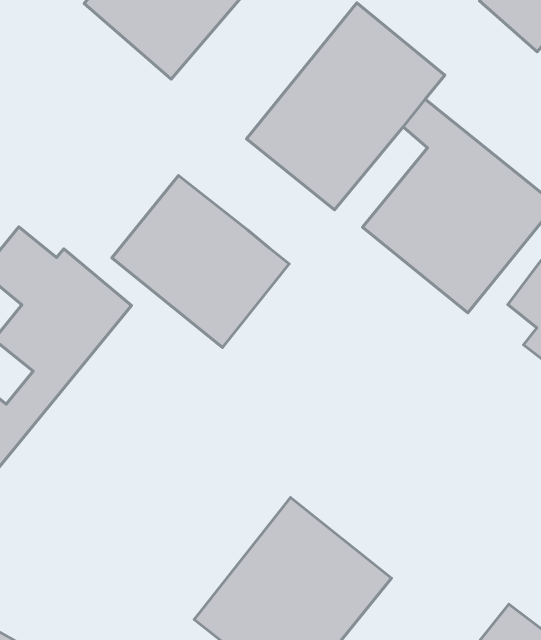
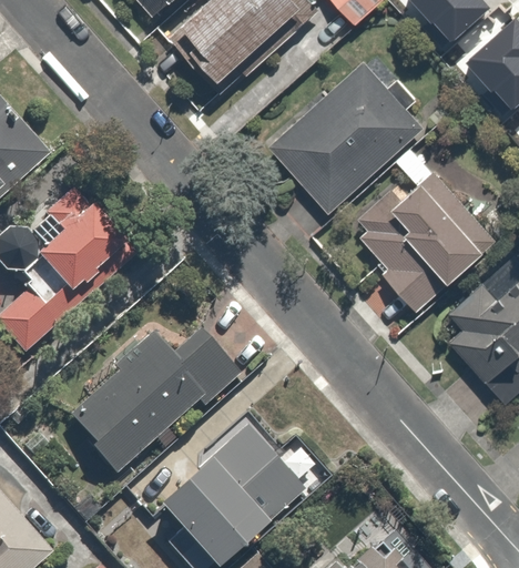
building: [112,176,289,348] -> none
building: none -> [69,325,247,481]

